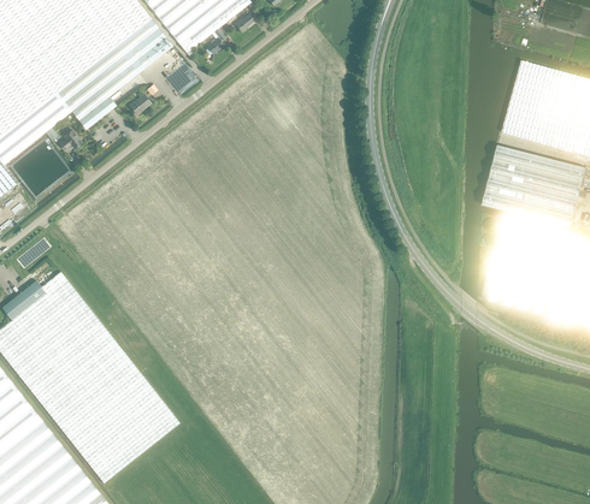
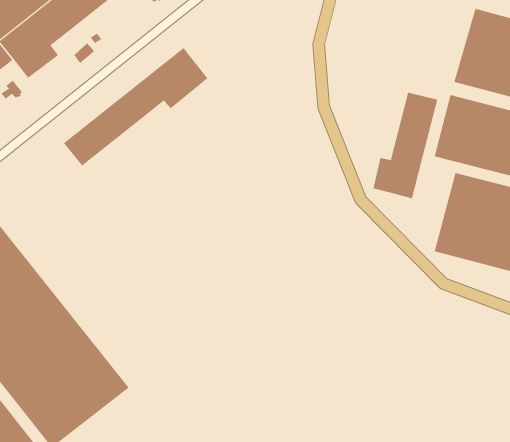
building: none -> [63,47,208,166]
building: none -> [373,92,438,199]

